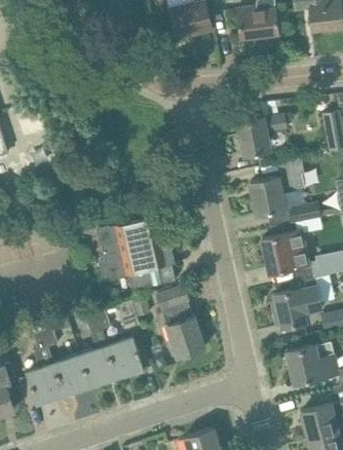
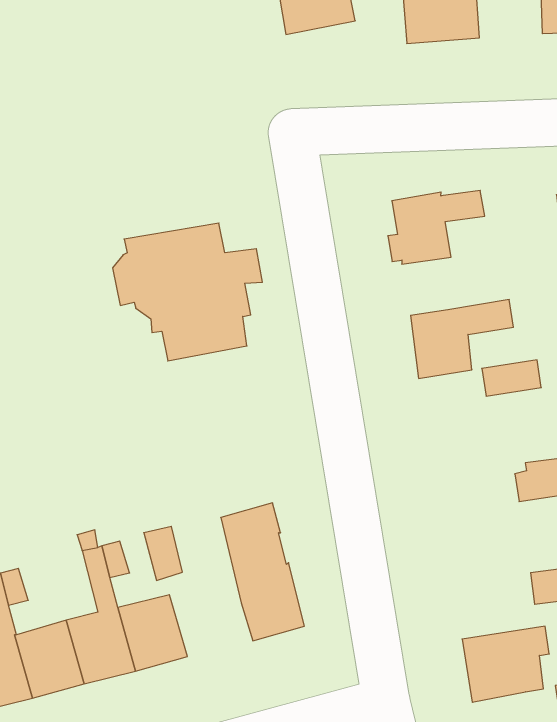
building: [100,217,179,291] -> [113,223,262,361]
building: [261,232,309,274] -> none
building: [271,276,323,329] -> none

